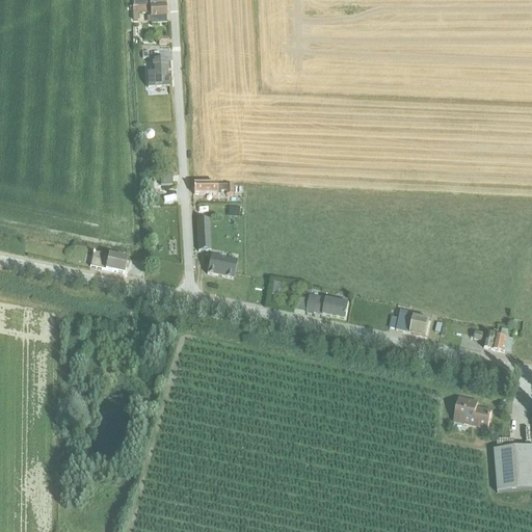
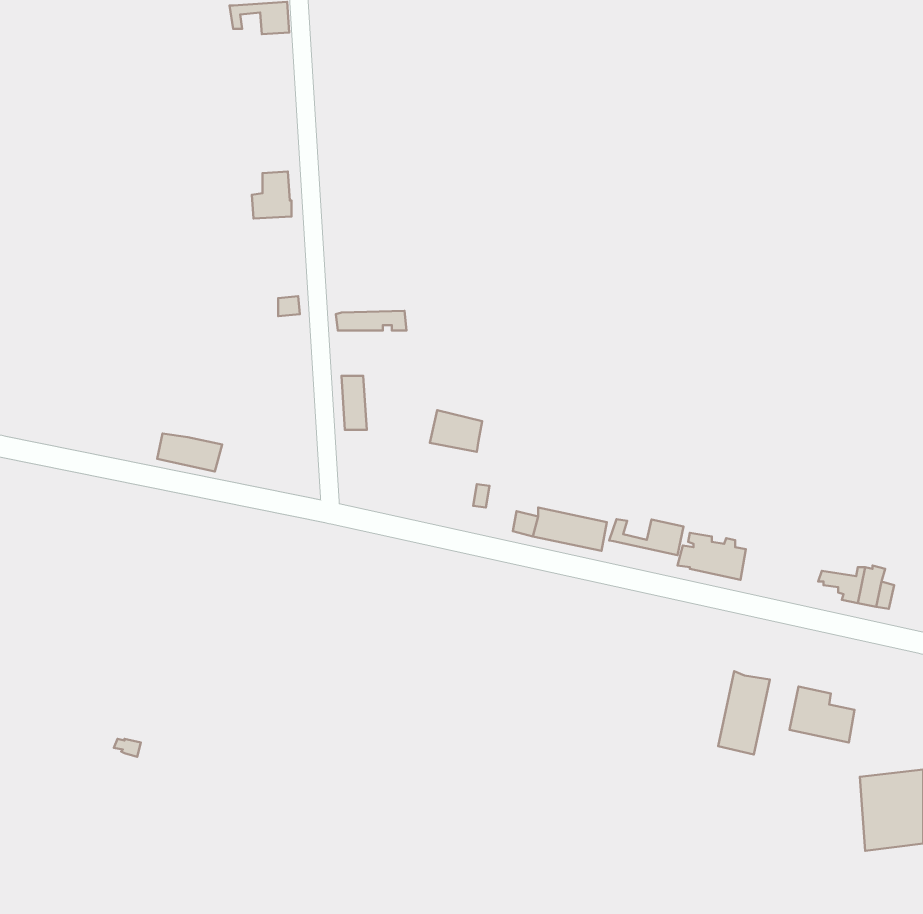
building: [147,56,169,83] -> [252,172,292,218]
building: [207,251,237,275] -> [430,410,482,452]
building: none -> [609,519,684,555]
building: none -> [718,671,770,754]

